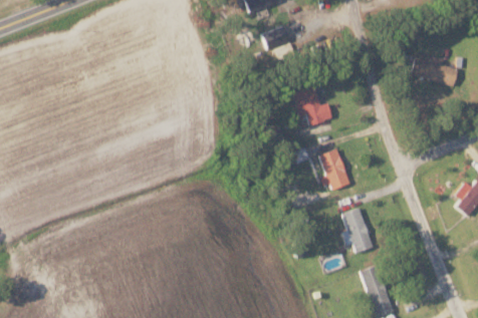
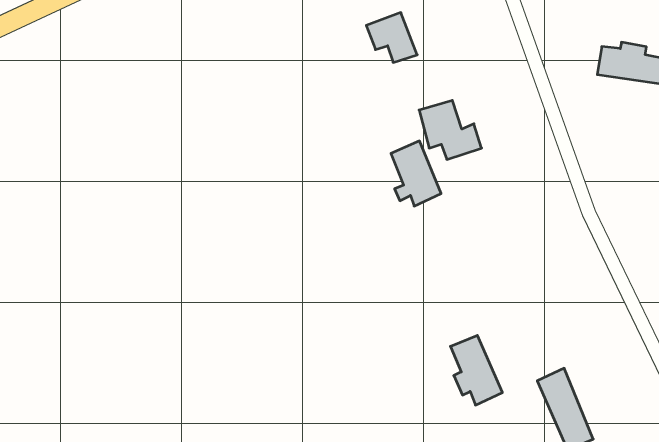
building: [319,147,350,190] -> [391,141,441,206]
building: [341,208,374,253] -> [450,335,502,405]

